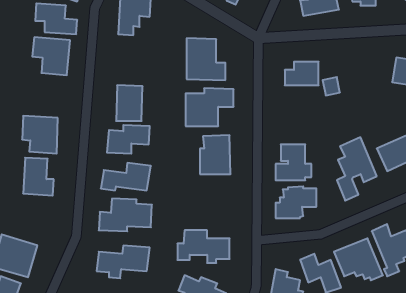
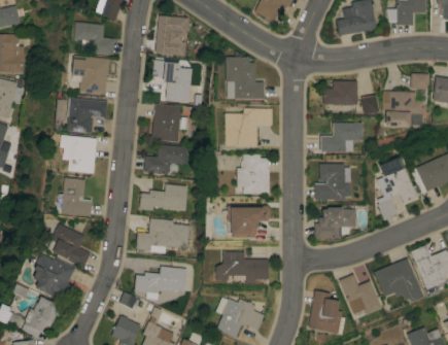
building: none -> [152,62,192,102]
building: none -> [382,74,428,127]
building: none -> [65,98,107,134]
building: none -> [320,124,361,152]
building: none -> [229,207,269,238]
building: none -> [47,226,89,266]

